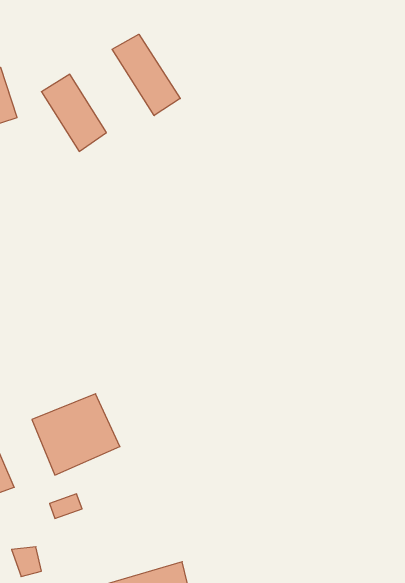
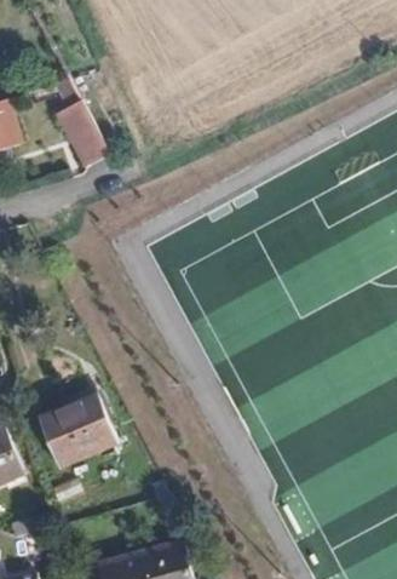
building: [112,34,180,116] -> none

